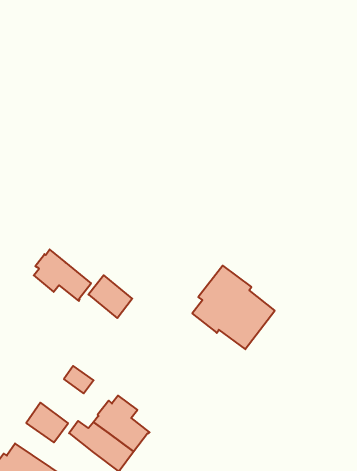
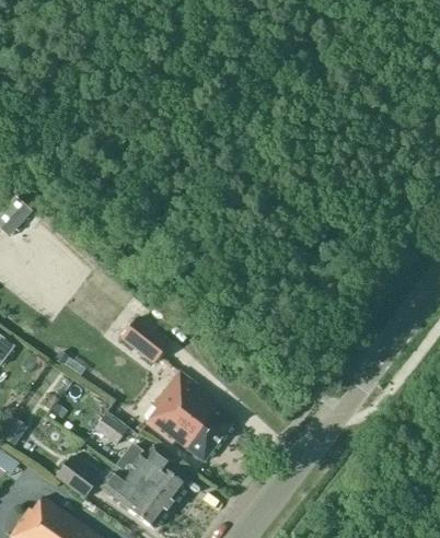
building: [34,249,91,301] -> none
building: [192,266,275,349] -> [146,372,234,461]

